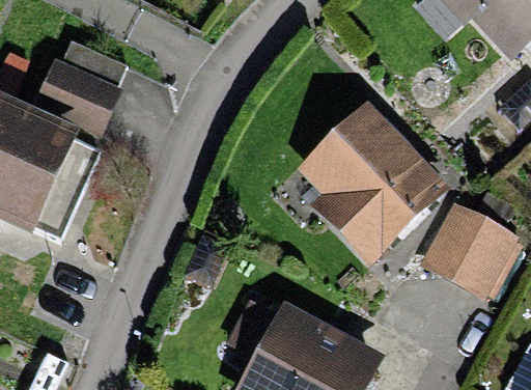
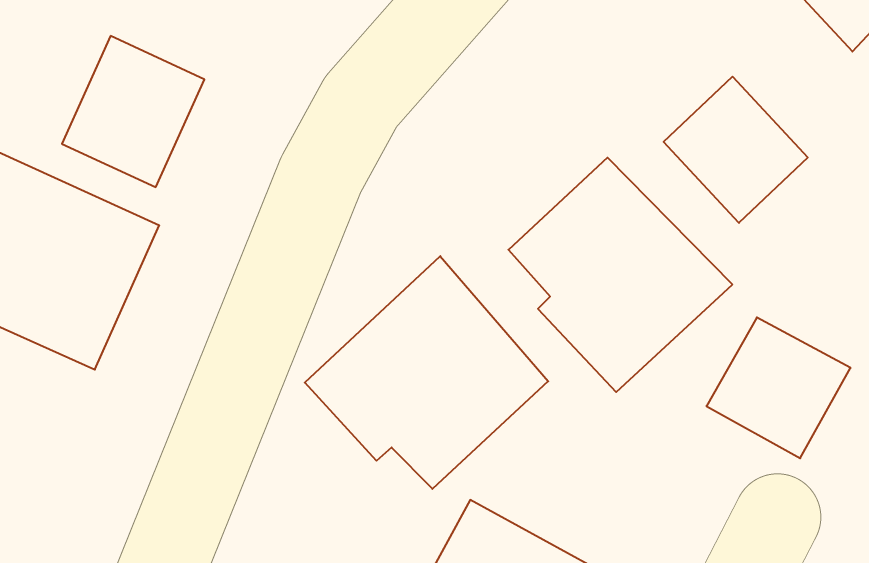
building: none -> [664,77,808,223]
building: none -> [305,256,548,489]

